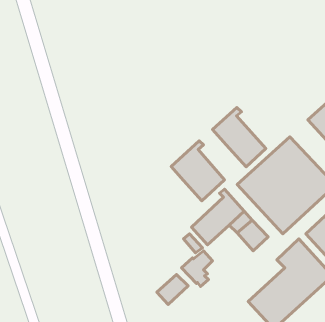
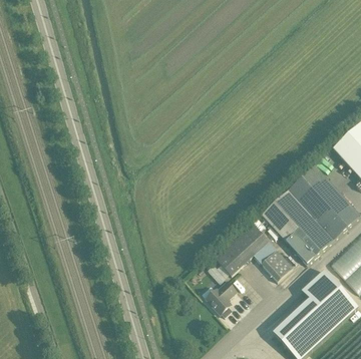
building: [213,107,266,167] -> none
building: [171,141,224,201] -> none
building: [157,274,188,305] -> none

